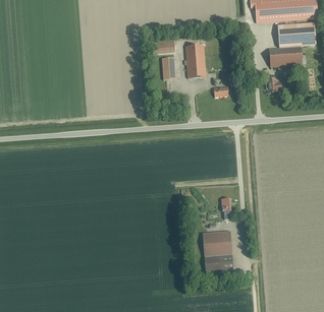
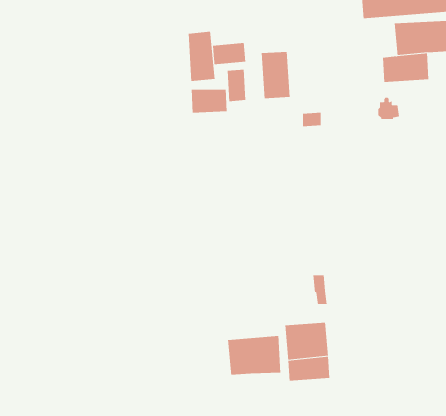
building: none -> [188,31,215,82]
building: none -> [191,89,227,114]
building: none -> [227,335,281,376]

